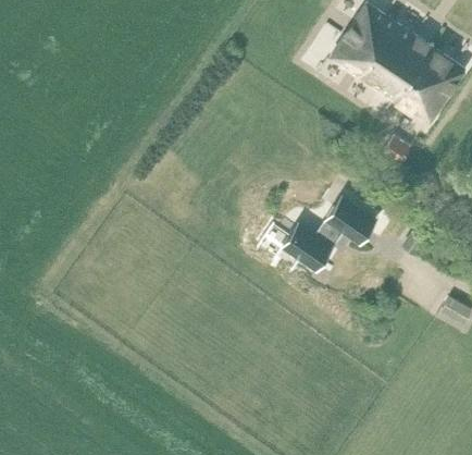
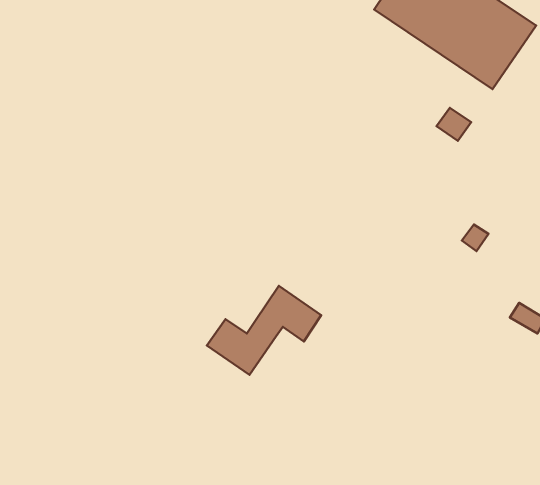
building: [281,195,374,268] -> [207,286,321,375]

